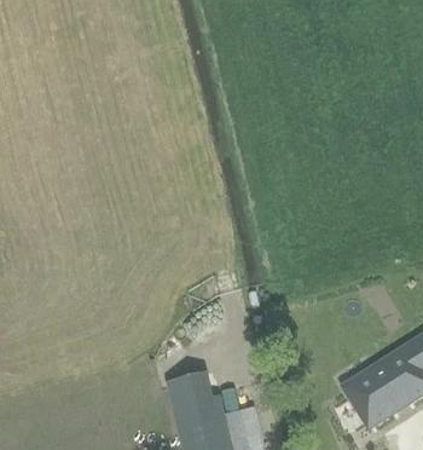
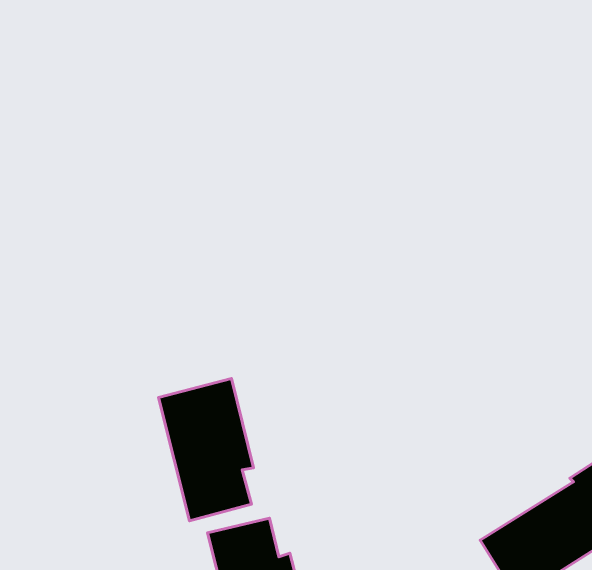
building: none -> [158,379,254,521]

